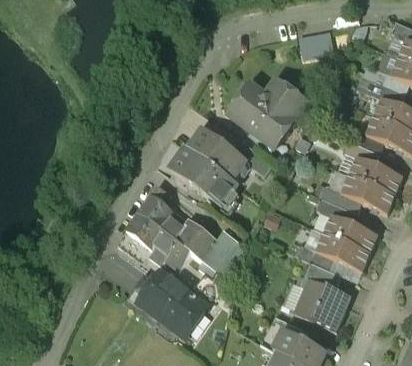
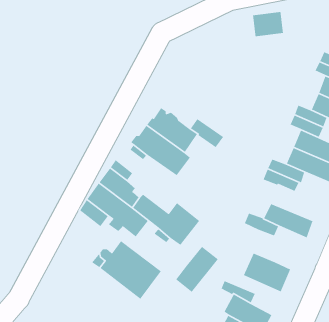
building: [231,83,303,145] -> none
building: [323,213,377,252] -> none
building: [300,262,338,296] -> none
building: none -> [175,246,219,293]

